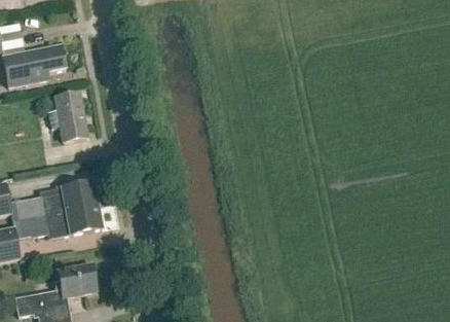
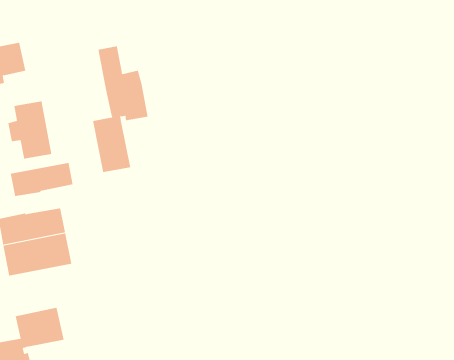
building: none -> [92,46,148,173]
building: none -> [10,162,73,197]

